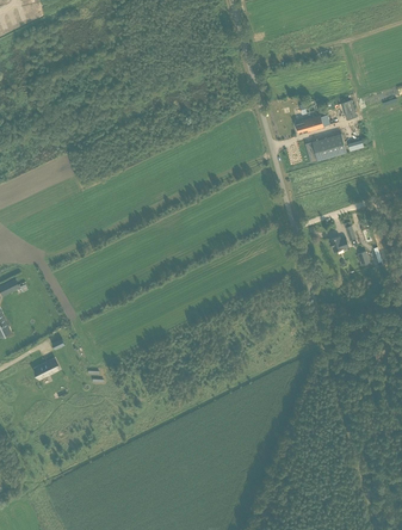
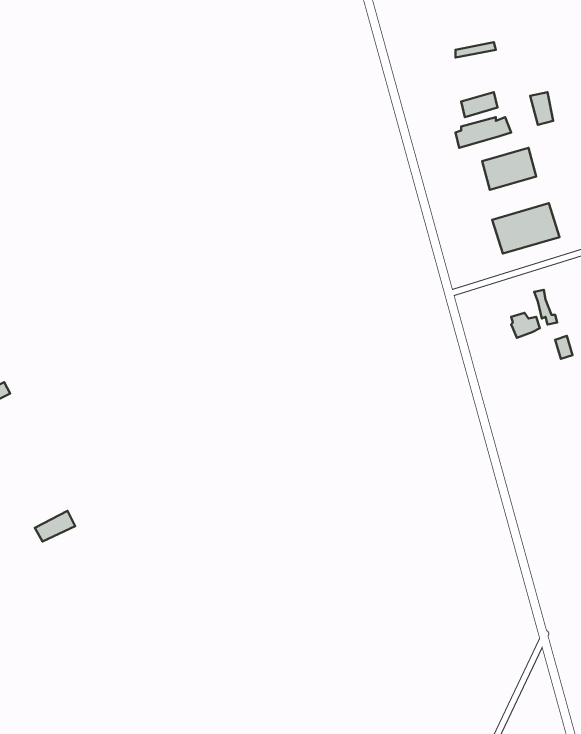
building: none -> [492,203,559,254]

